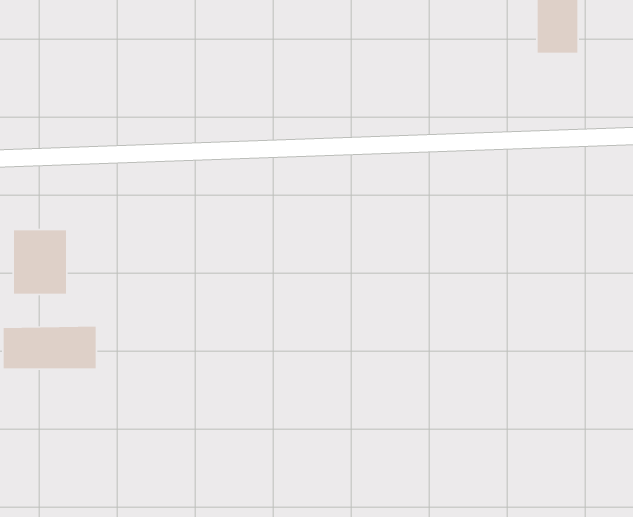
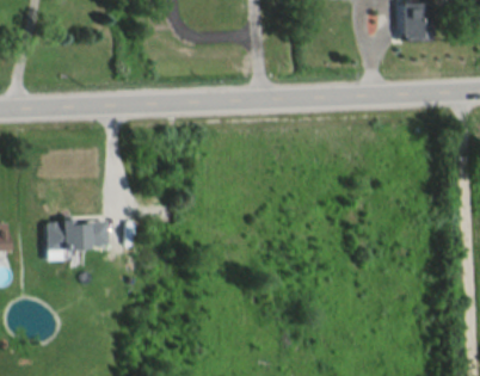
building: [13,230,67,294] -> none

